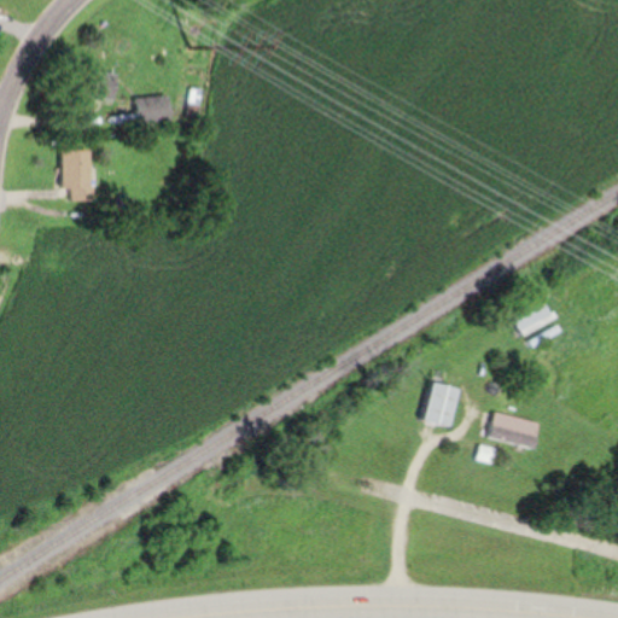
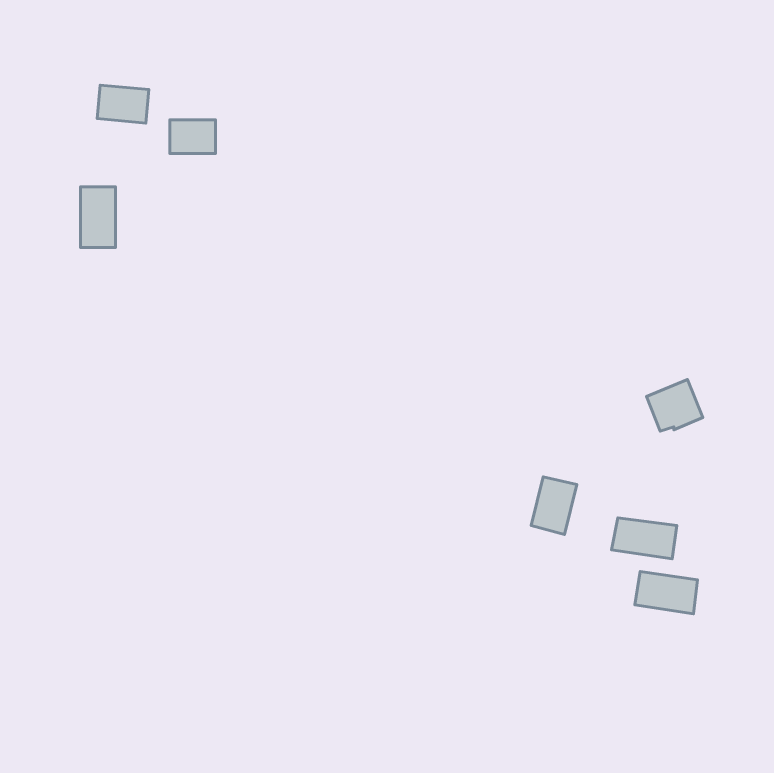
building: none -> [635,572,697,614]

